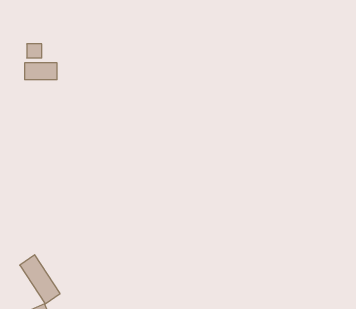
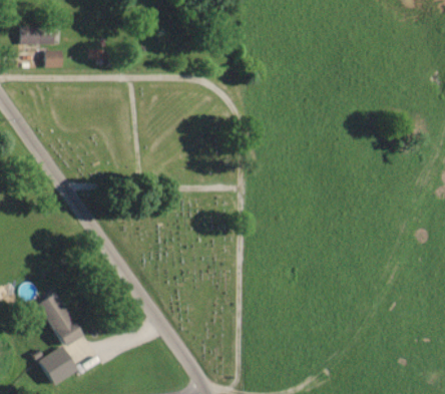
building: [25,63,57,80] -> [19,26,56,45]

